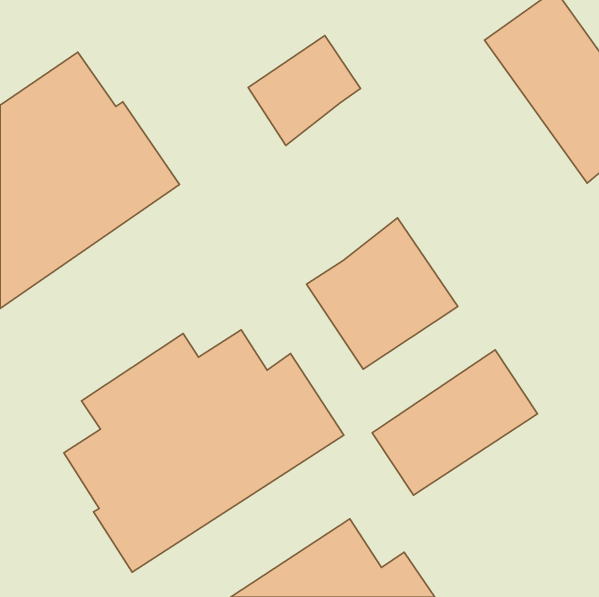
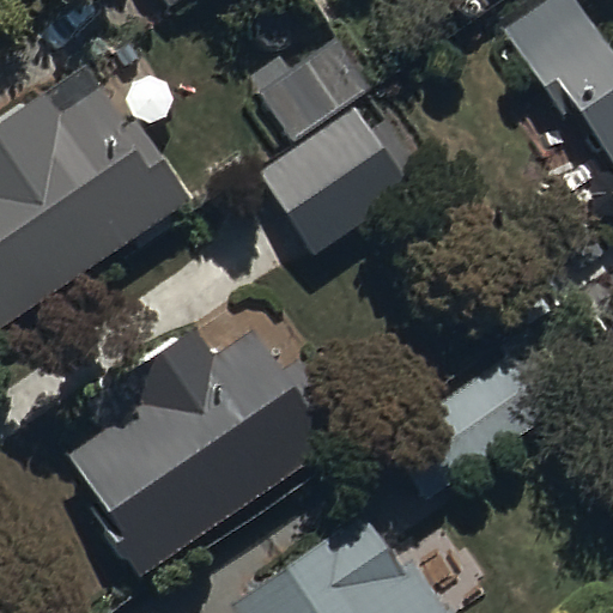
building: [306,218,458,369] -> [257,104,411,257]

